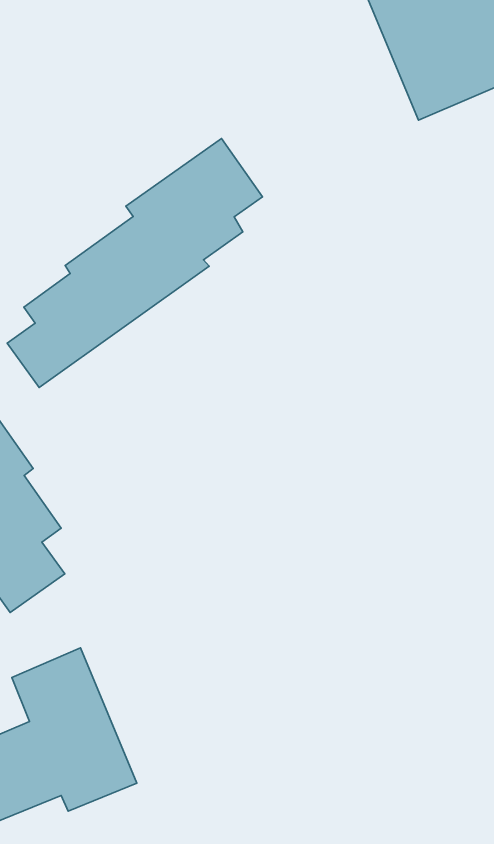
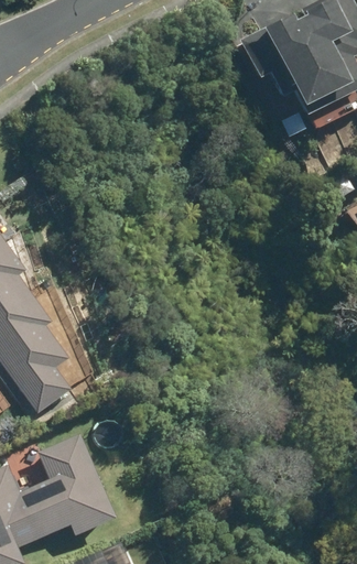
building: [7,138,263,388] -> none

